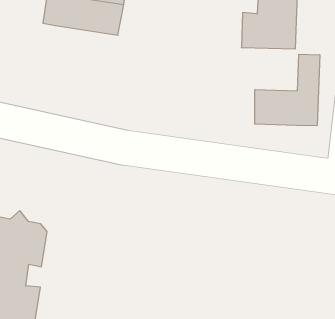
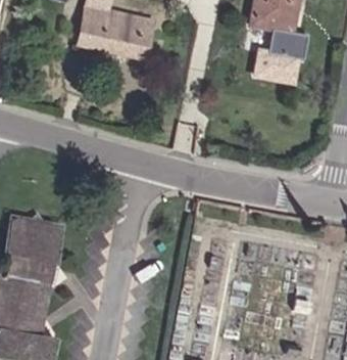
building: [255,54,320,126] -> none

